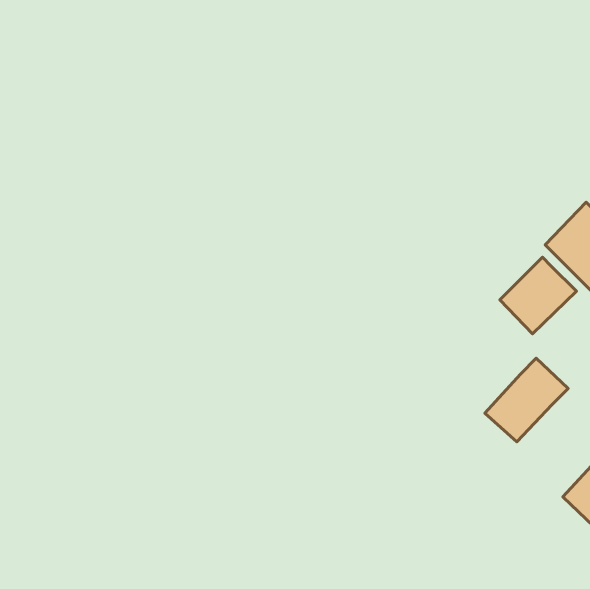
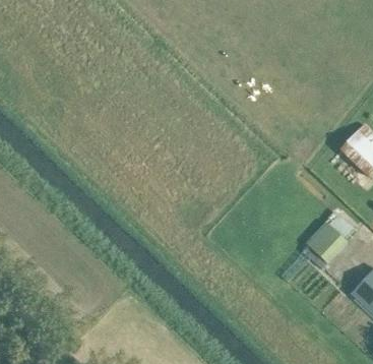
building: [500,257,576,334] -> none

